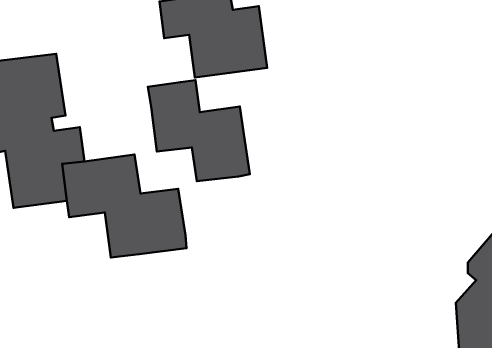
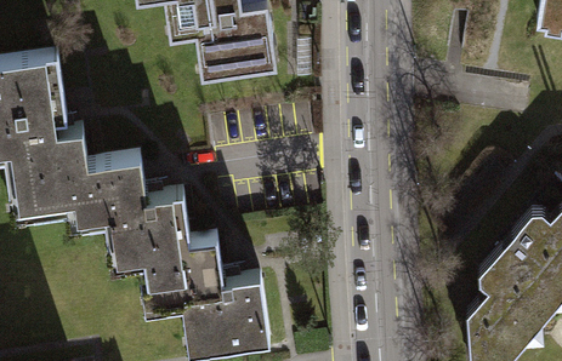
building: [148,80,250,181] -> none
building: none -> [144,240,269,353]

